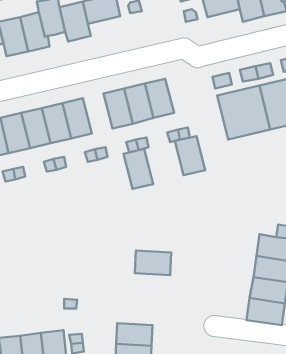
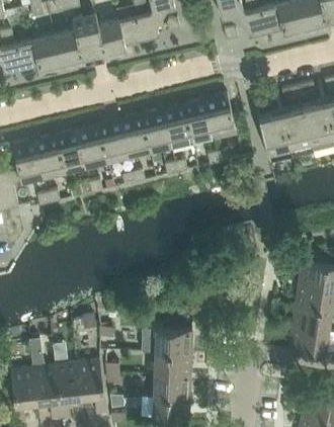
building: [175,136,205,175] -> [204,94,236,135]
building: [124,149,153,189] -> [119,114,150,156]
building: [135,251,171,275] -> [155,329,192,354]

